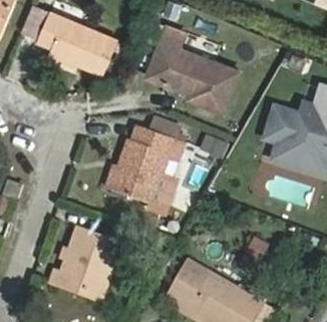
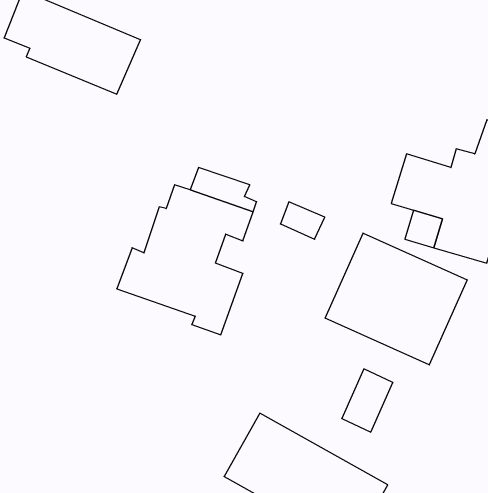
building: [146,26,238,110] -> none
building: none -> [325,233,467,365]
building: [48,226,120,302] -> none

